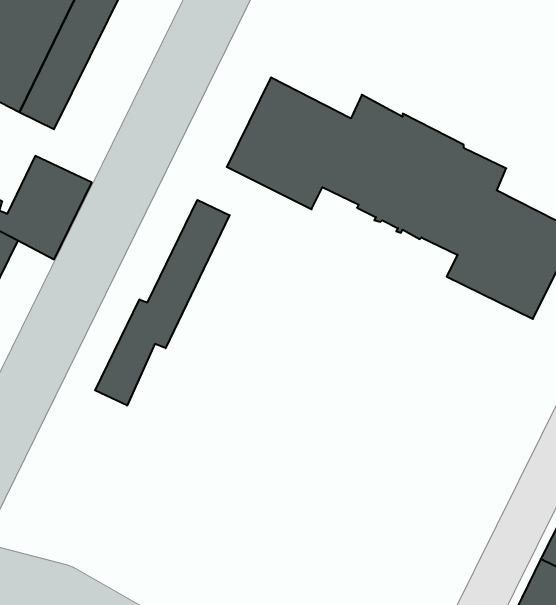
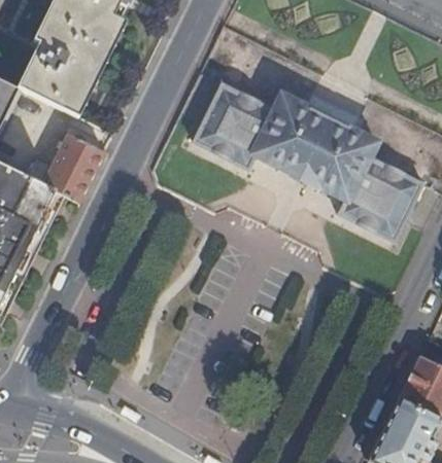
building: [95,200,230,406] -> none

